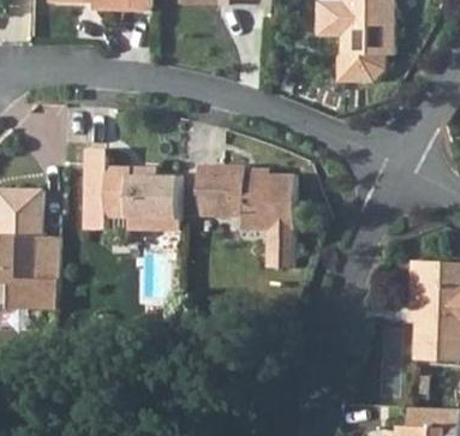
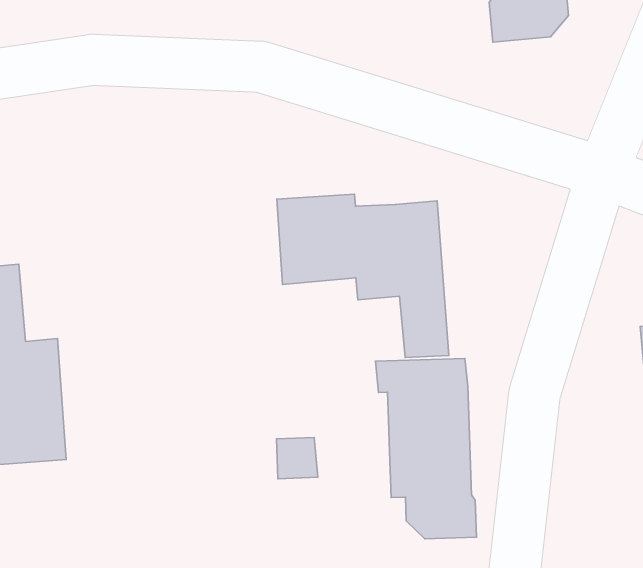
building: [83,149,180,231] -> none
building: none -> [376,358,477,539]

